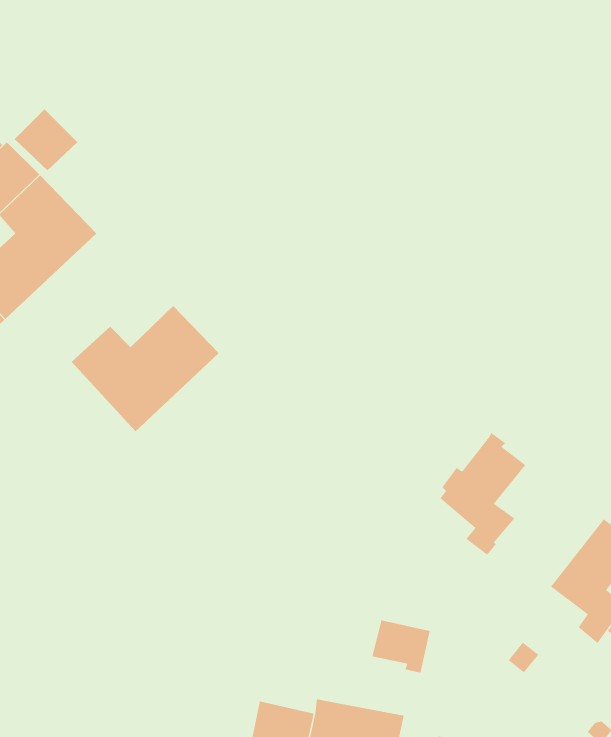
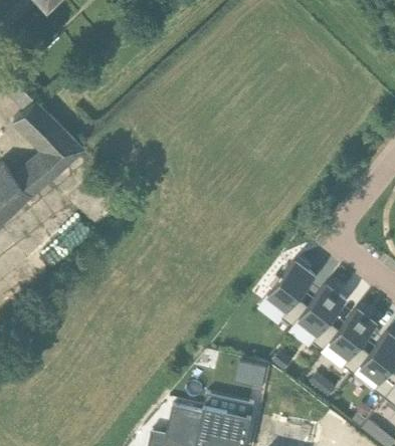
building: [14,109,78,171] -> none
building: [71,305,219,432] -> none
building: none -> [302,282,349,351]

